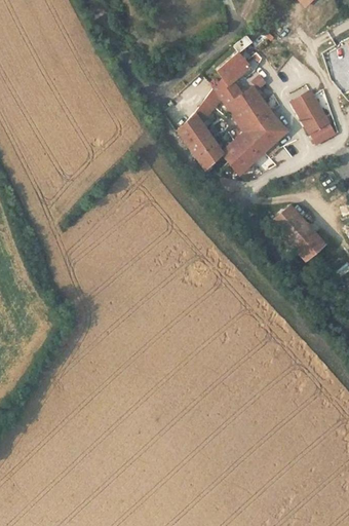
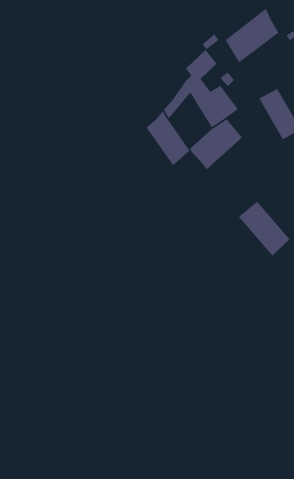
building: none -> [225,7,279,63]
building: [260,112,287,141] -> none

